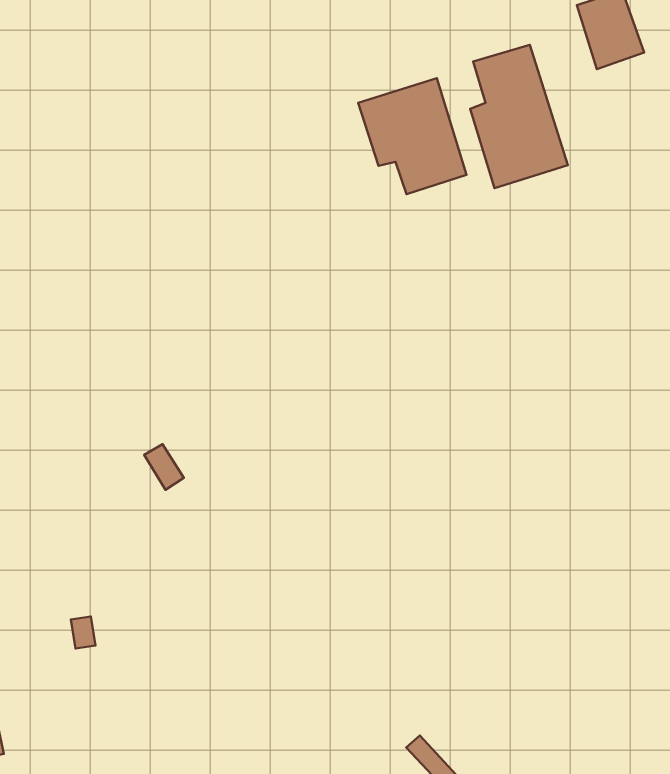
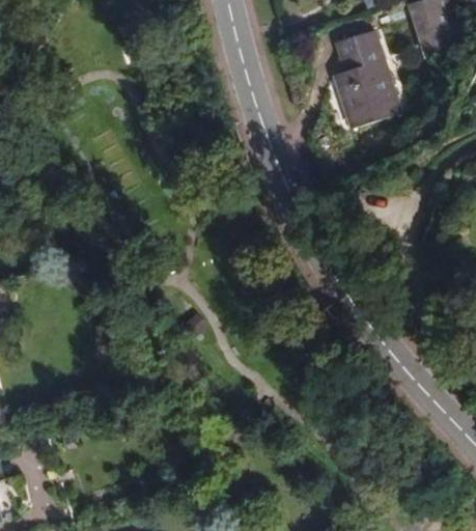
building: [358,78,466,194] -> none

